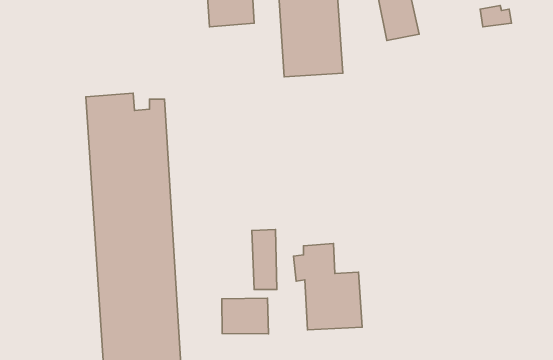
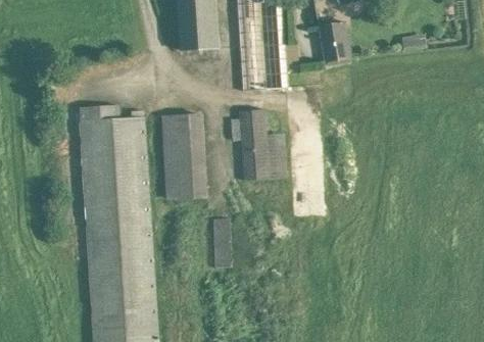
building: none -> [163,113,206,199]
building: [294,243,362,330] -> [231,109,287,180]
building: [222,298,268,334] -> none

